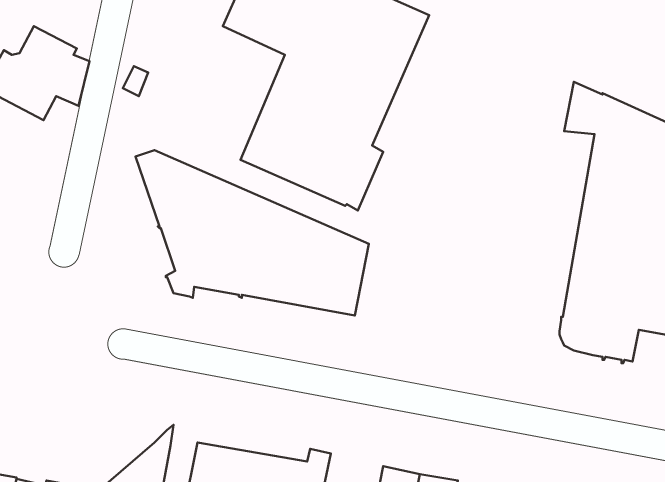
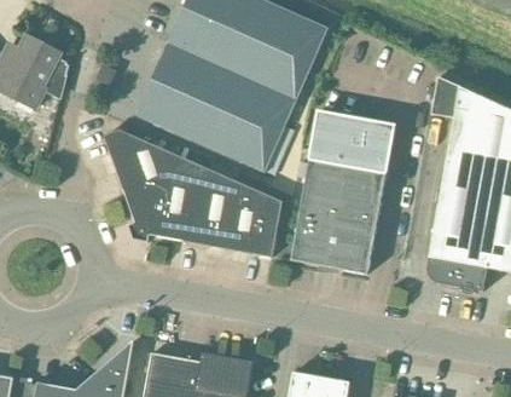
building: none -> [135,35,217,137]
building: none -> [290,110,394,274]

